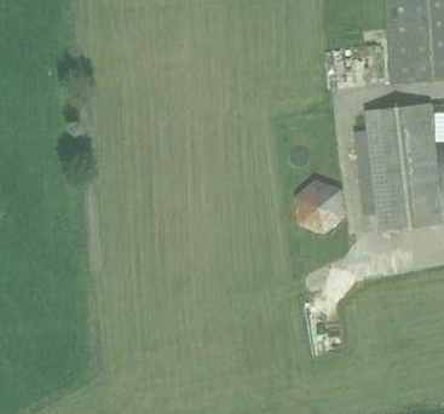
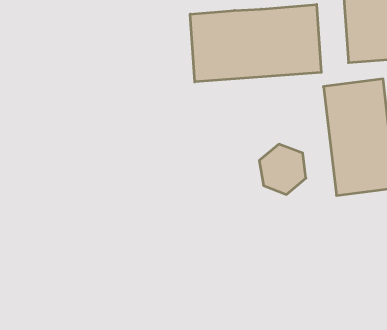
building: none -> [190,4,321,82]

